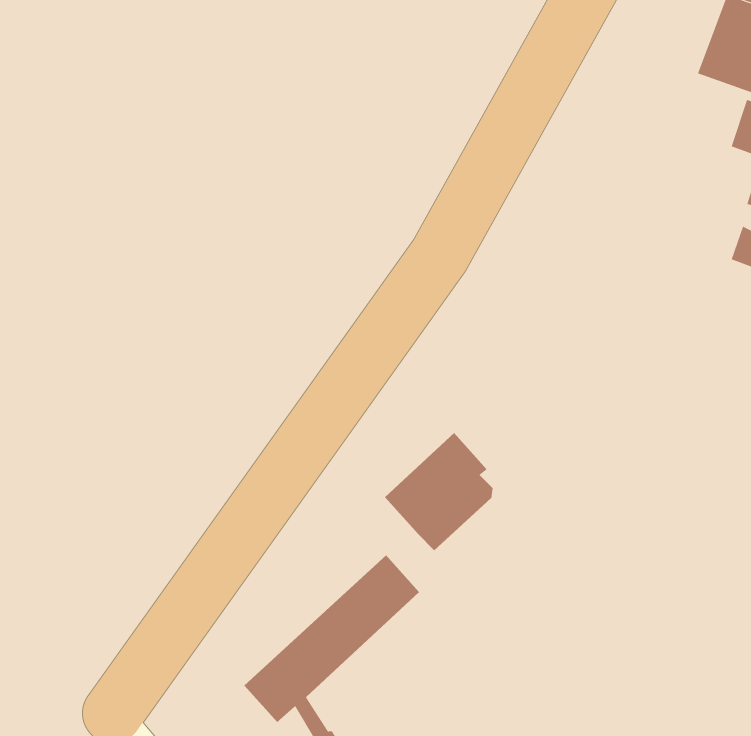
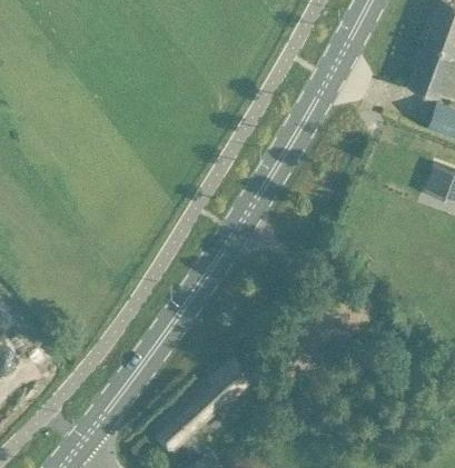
building: [384,432,493,551] -> none

